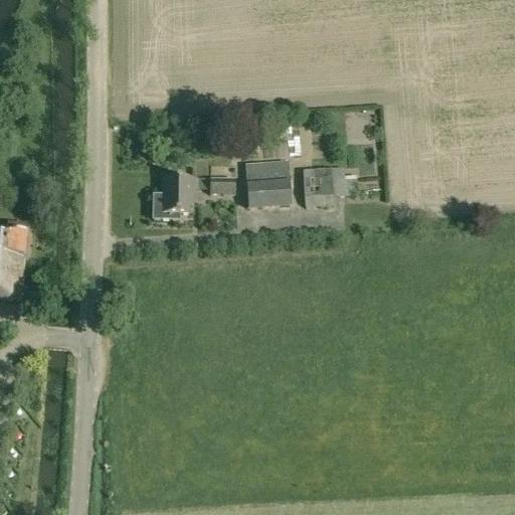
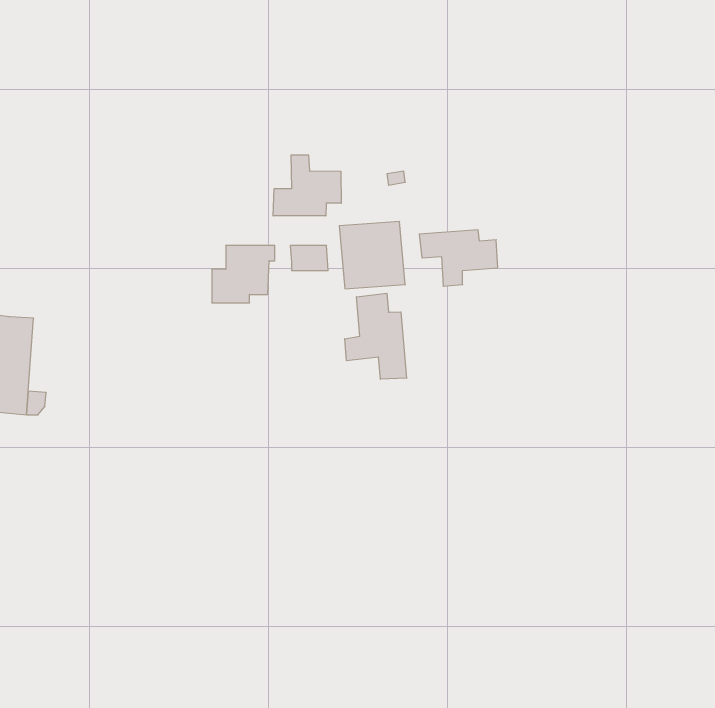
building: none -> [273,155,341,216]
building: none -> [345,293,407,379]

